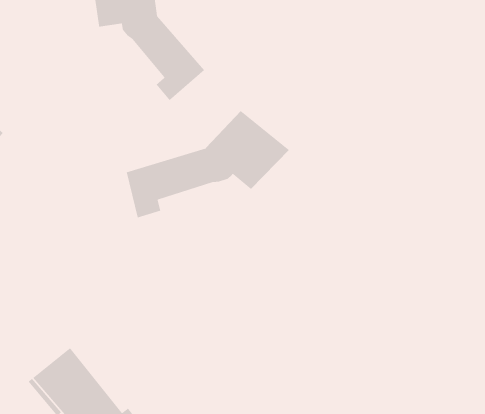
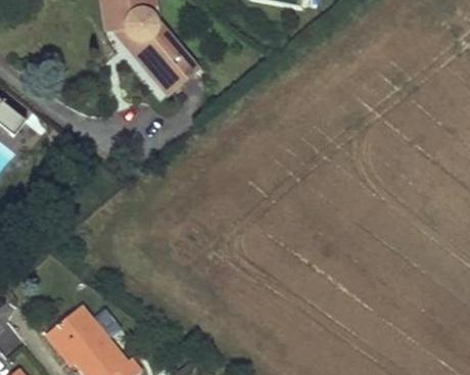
building: [126,110,290,218] -> none

